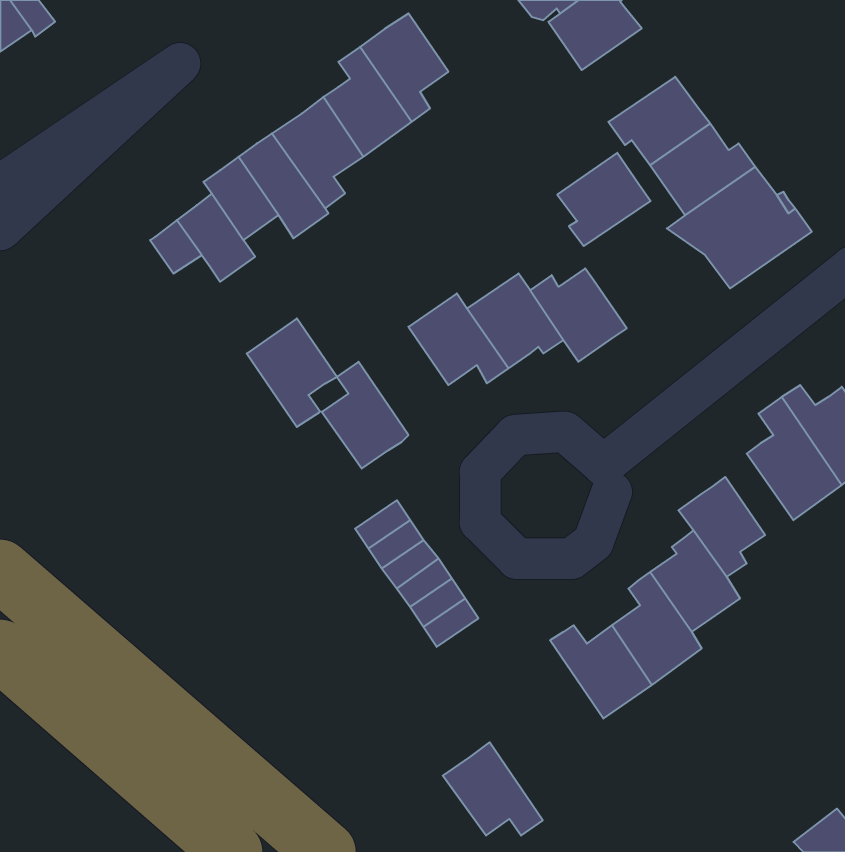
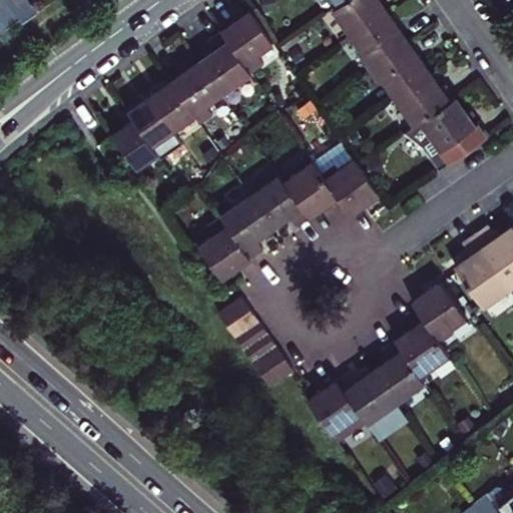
building: [557,153,651,246] -> [354,17,410,73]
building: [247,318,337,427] -> [219,196,274,262]
building: [443,742,543,836] -> [307,385,367,441]

